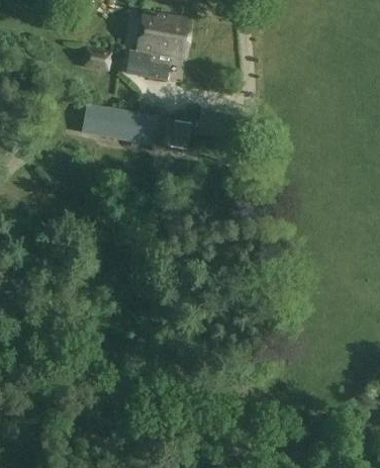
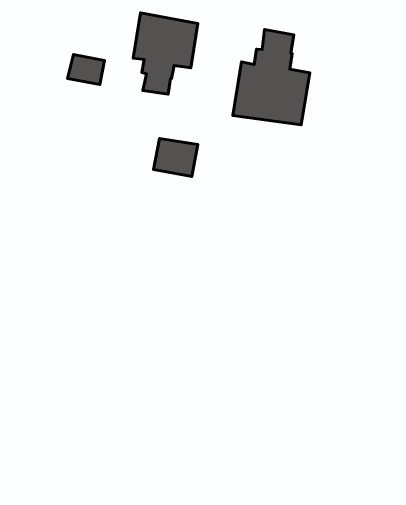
building: none -> [233,29,310,125]
building: [80,105,154,144] -> none

